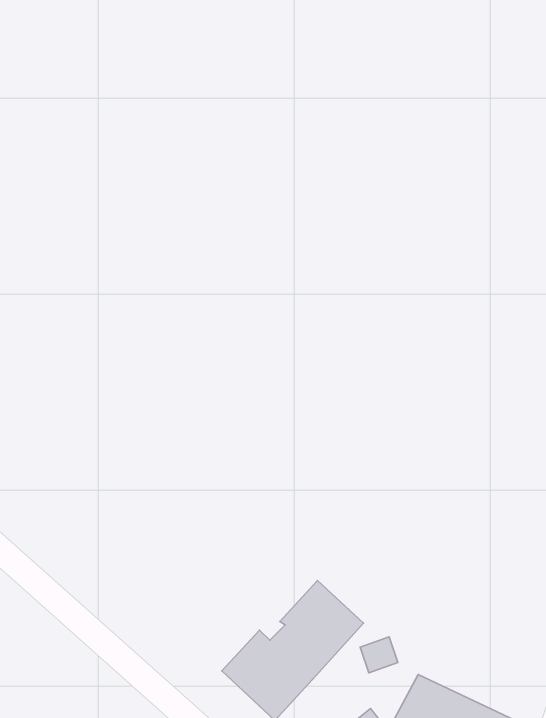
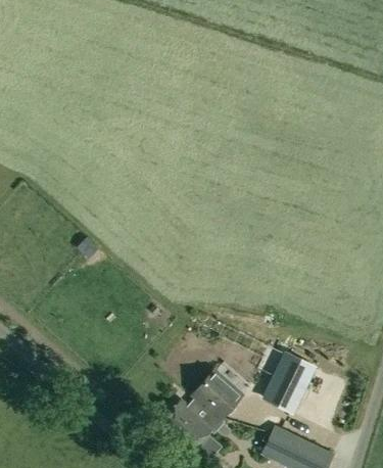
building: none -> [267,353,313,409]

